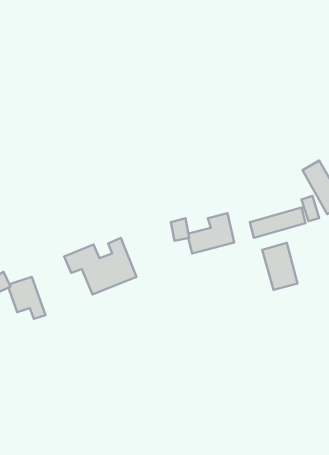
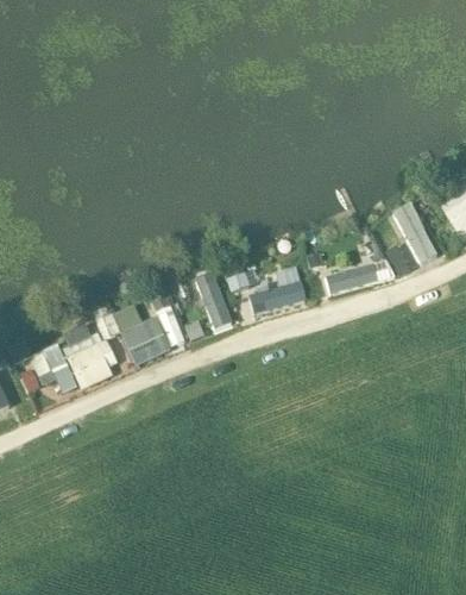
building: none -> [196,276,233,330]
building: [262,243,297,290] -> none
building: none -> [61,321,112,389]

